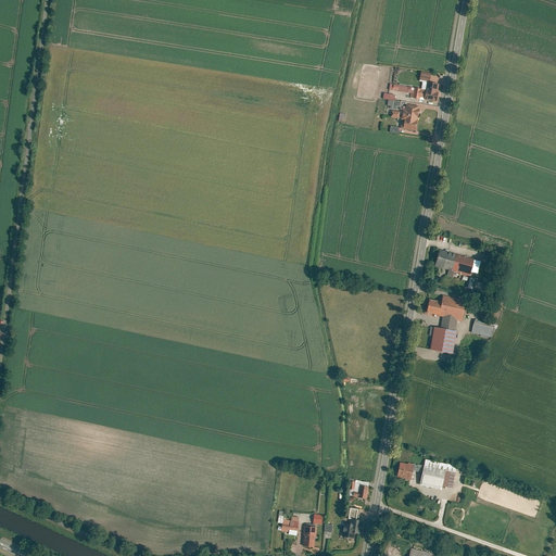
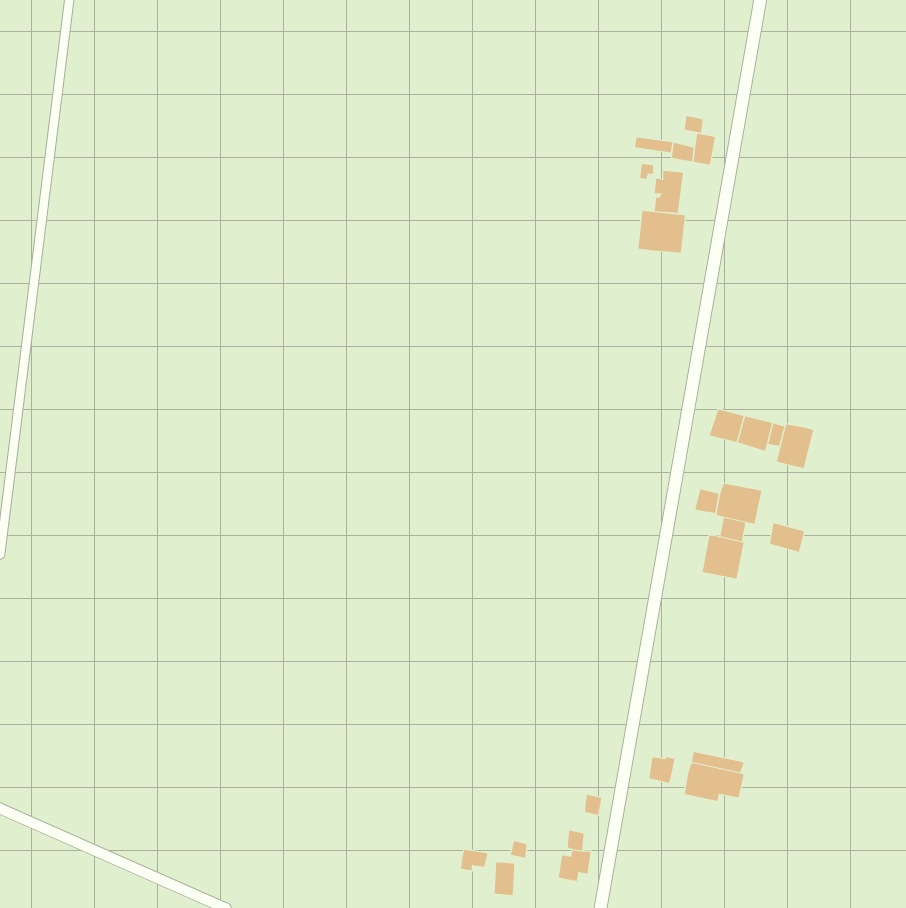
building: none -> [638,210,685,254]
building: none -> [776,423,814,469]

